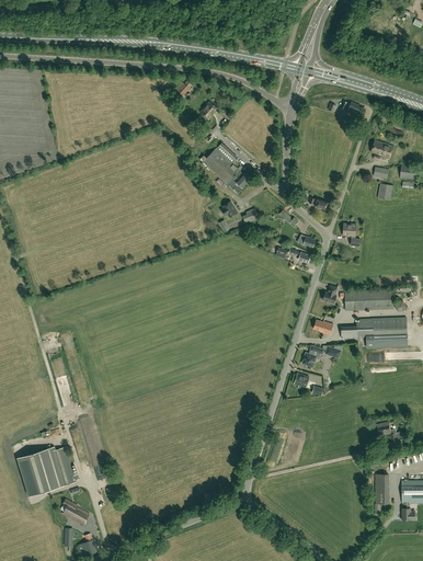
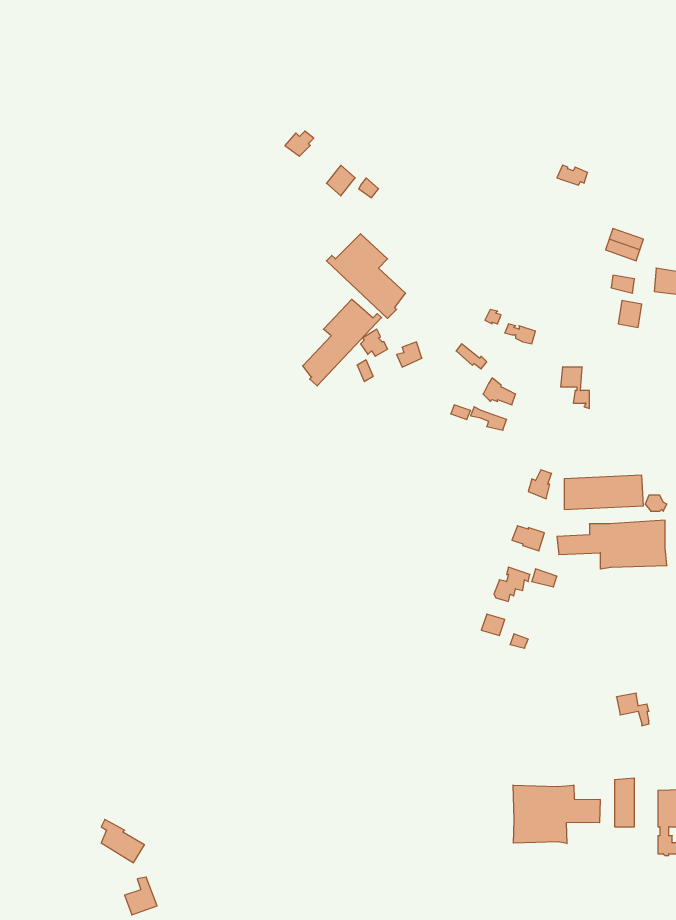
building: none -> [303,299,382,386]
building: [18,446,79,495] -> none
building: none -> [513,785,600,844]

